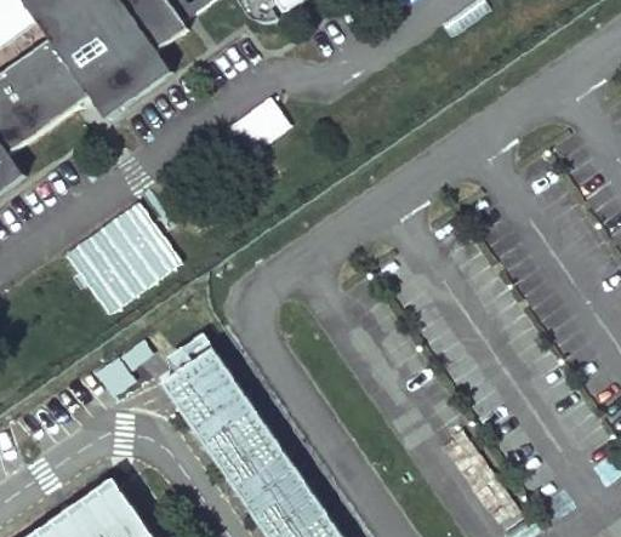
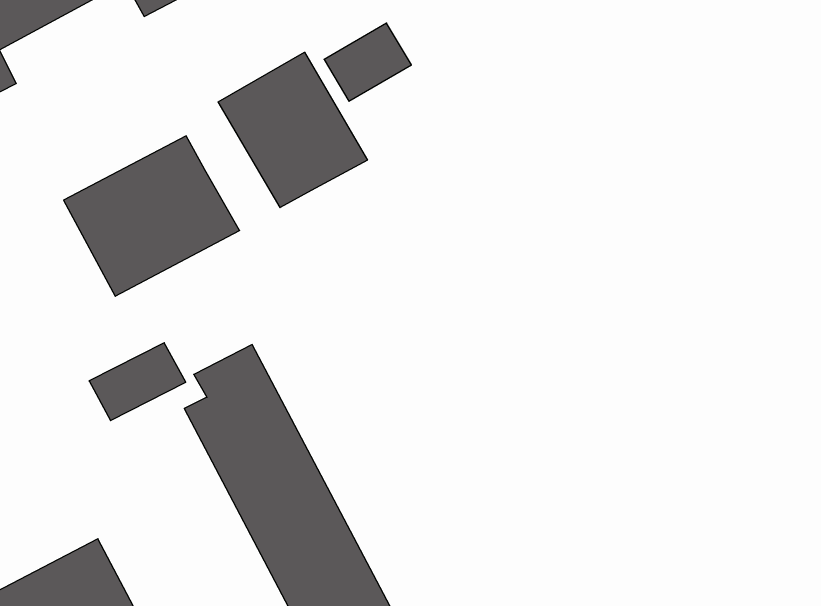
building: none -> [218,52,367,208]

